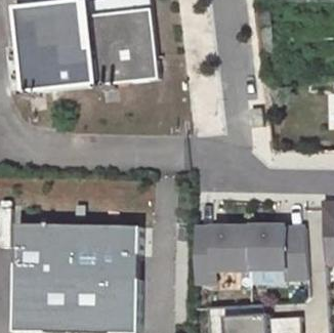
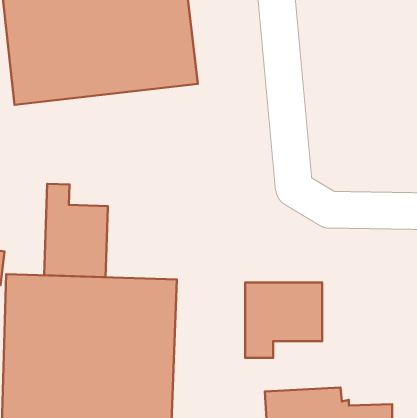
building: none -> [44,184,108,277]
building: [249,225,307,278] -> none

